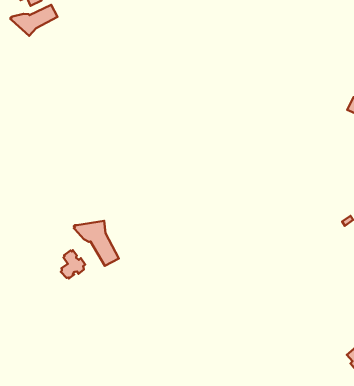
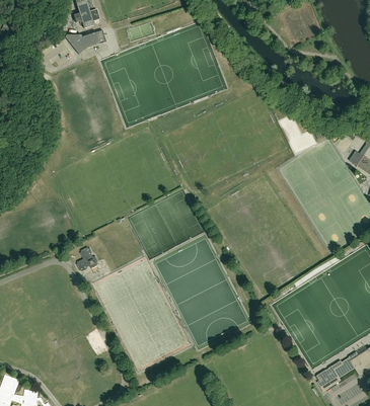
building: [74,221,119,266] -> none

